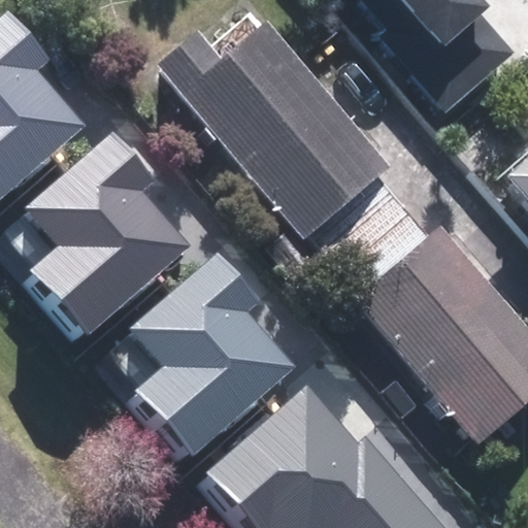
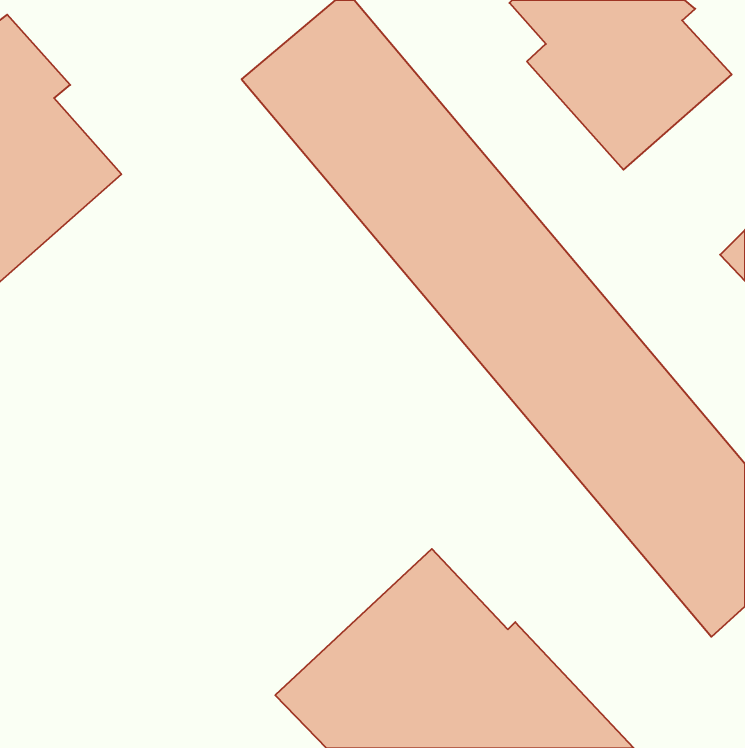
building: [11,132,189,351] -> none
building: [118,253,295,470] -> none

